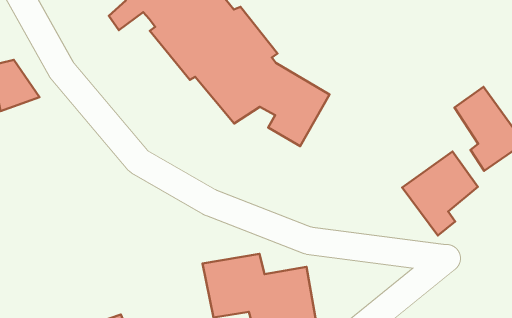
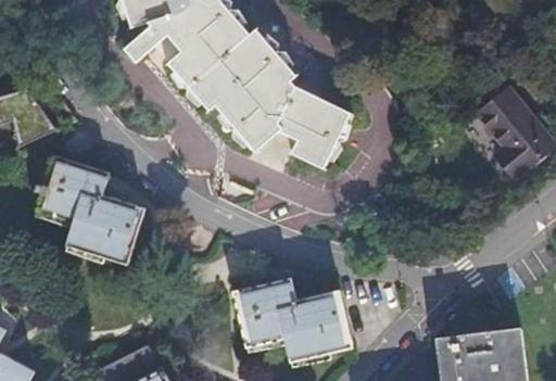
building: none -> [35,157,142,263]
building: [402,151,478,236] -> none

